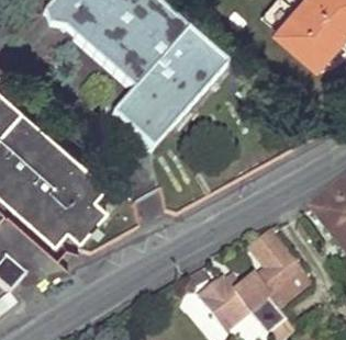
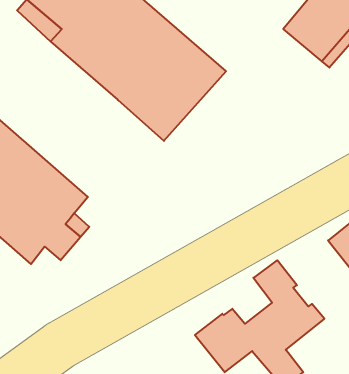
building: [109,91,172,152] -> none

